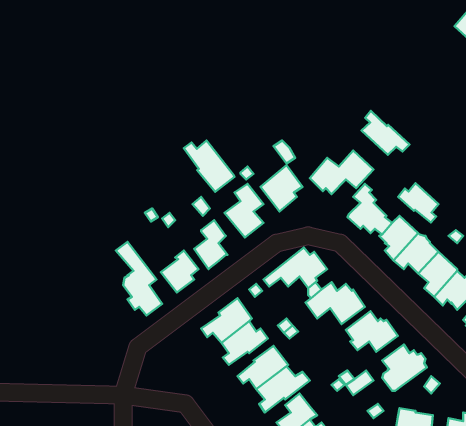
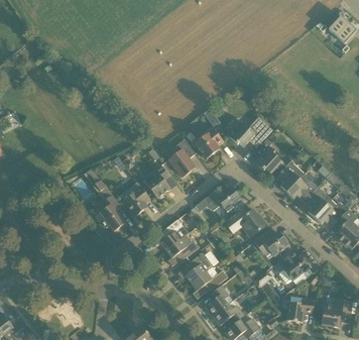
building: [362,111,409,155] -> none
building: [184,141,235,192] -> none
building: [398,183,438,223] -> none

